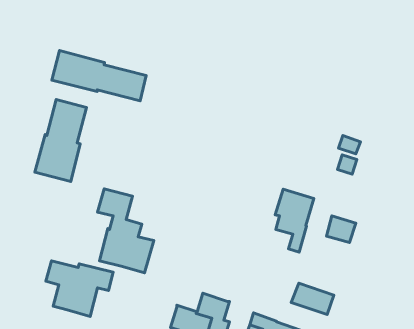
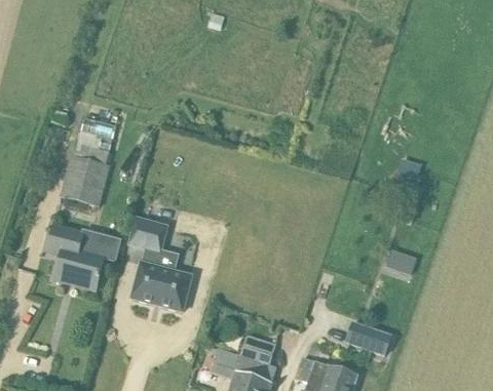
building: [52,50,146,101] -> none
building: [275,189,314,252] -> none
building: [46,261,113,316] -> [45,226,120,287]

